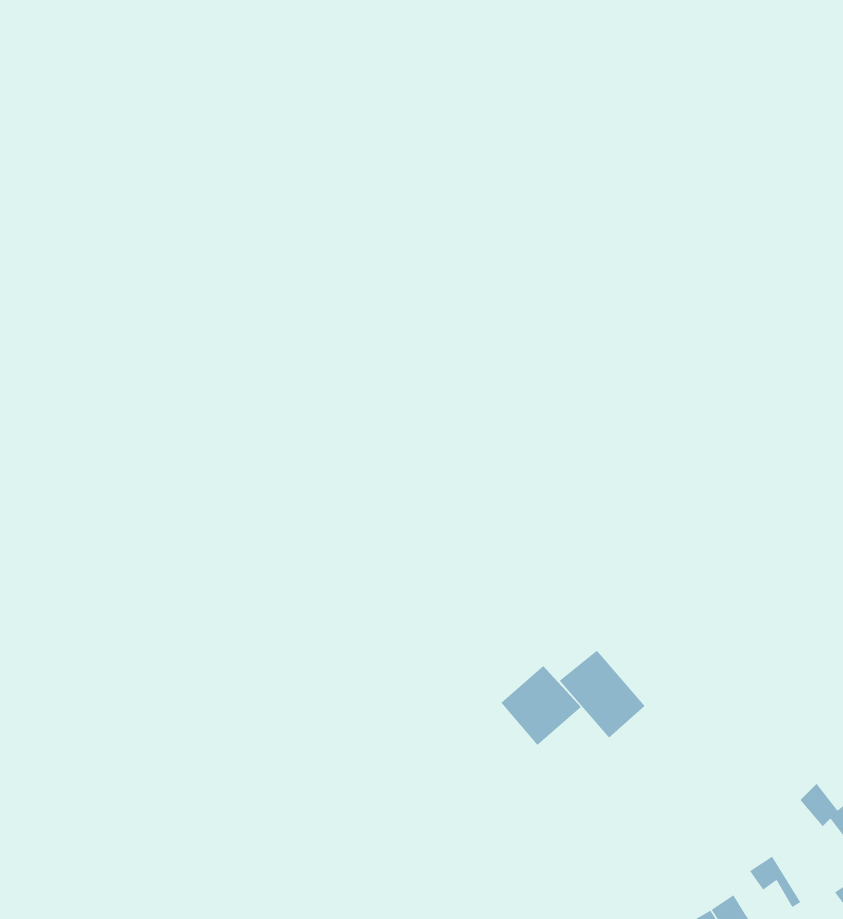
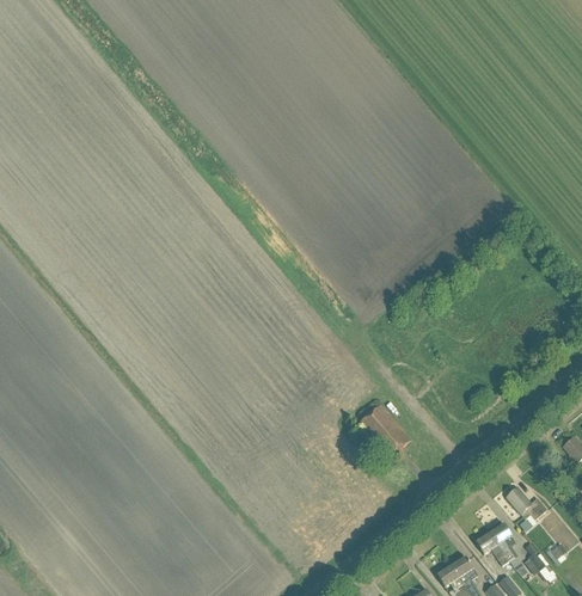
building: [501,665,582,746] -> none
building: none -> [489,522,521,565]

